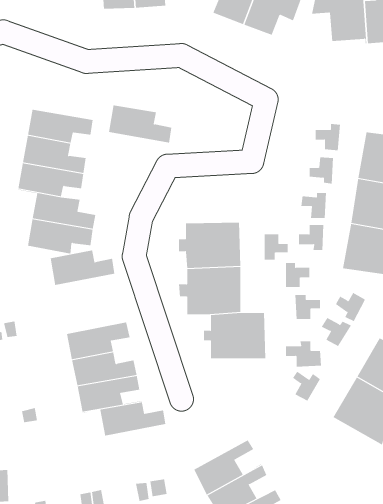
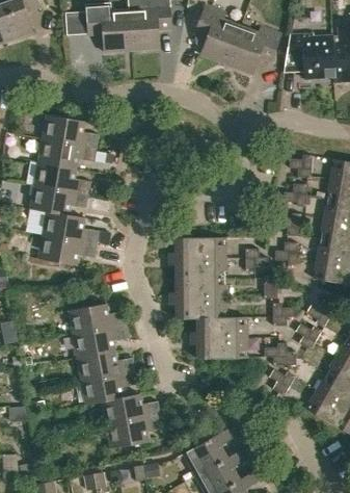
building: [108,105,172,143] -> [42,115,98,149]
building: [50,250,115,286] -> [68,305,125,336]
building: none -> [105,415,161,449]

